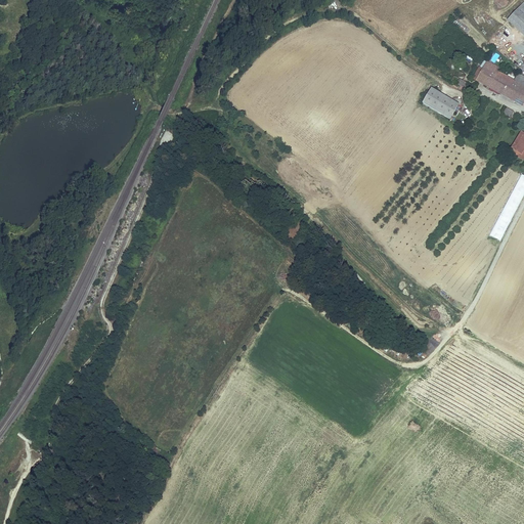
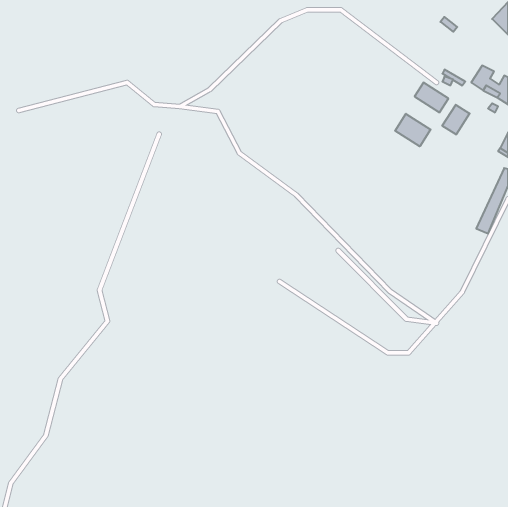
building: none -> [442,105,470,135]
building: none -> [395,114,431,146]

